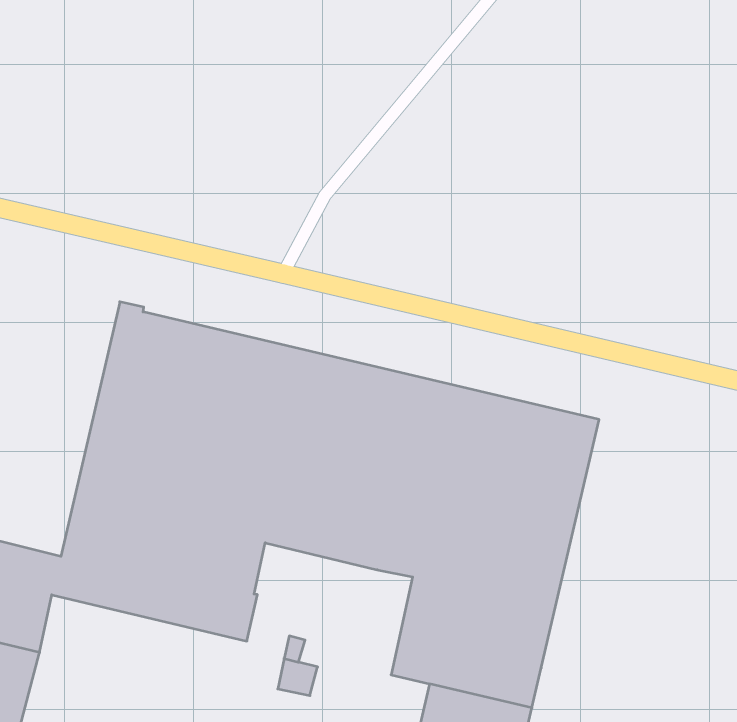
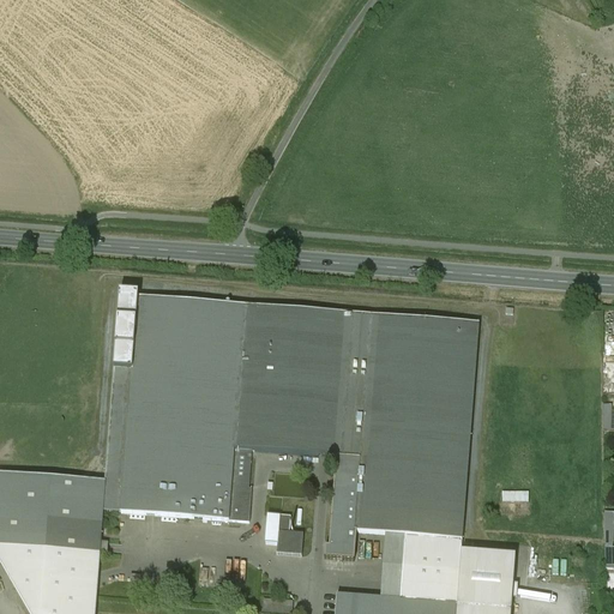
building: none -> [325,455,362,558]

